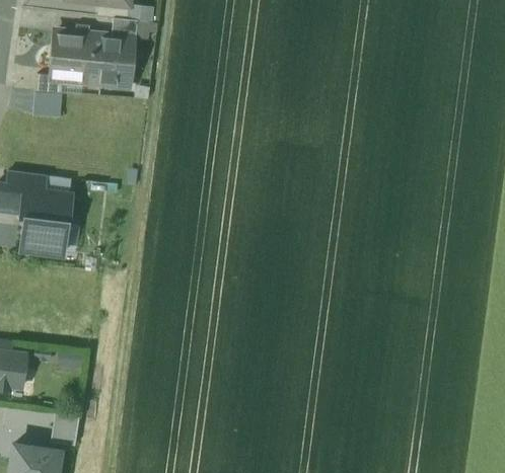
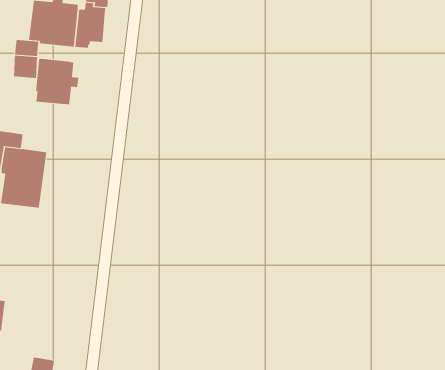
building: none -> [35,58,79,105]

